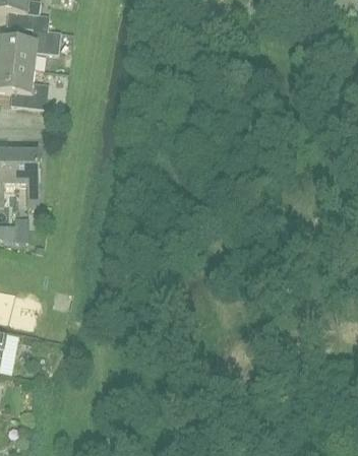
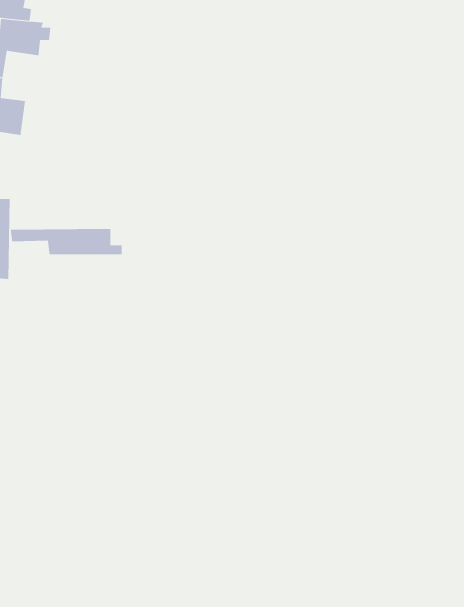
building: none -> [10,228,122,255]

